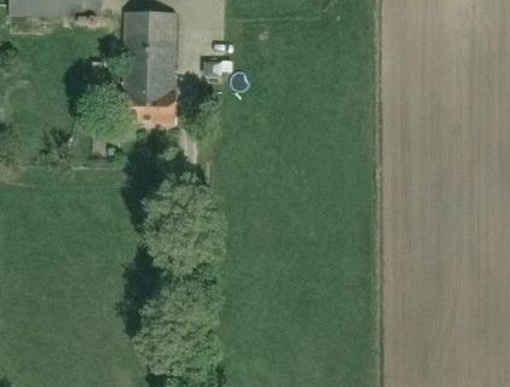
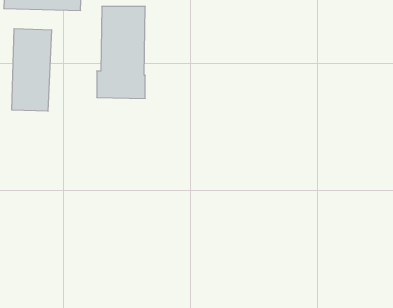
building: none -> [12,29,51,111]

